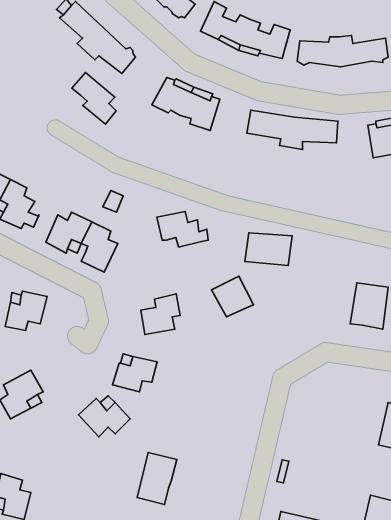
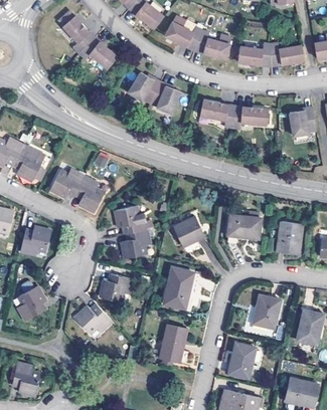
building: [72,72,116,124] -> none
building: [157,212,208,247] -> [114,207,152,233]
building: [245,233,292,266] -> [227,215,263,239]
building: none -> [163,267,194,310]
building: none -> [253,294,281,330]
building: none -> [228,343,256,379]
building: [137,453,177,504] -> [159,325,188,363]

